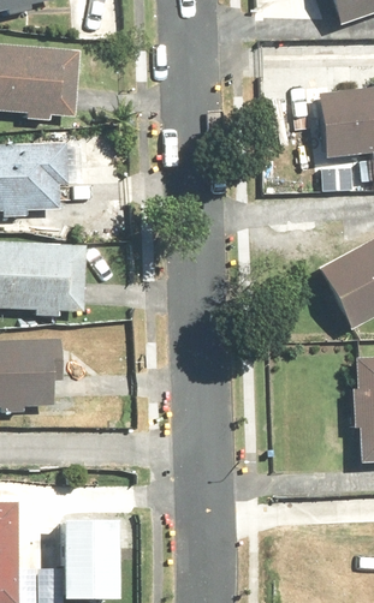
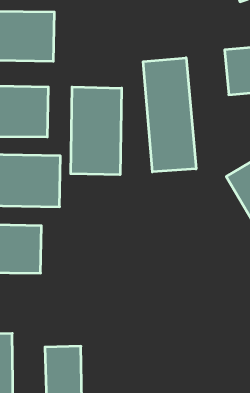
building: none -> [143,58,196,172]
building: none -> [71,87,122,175]

